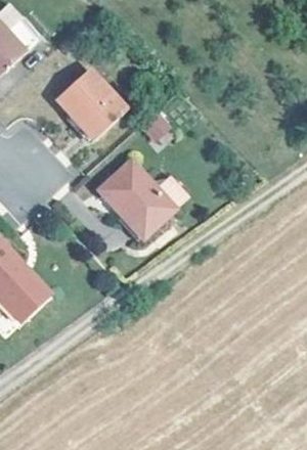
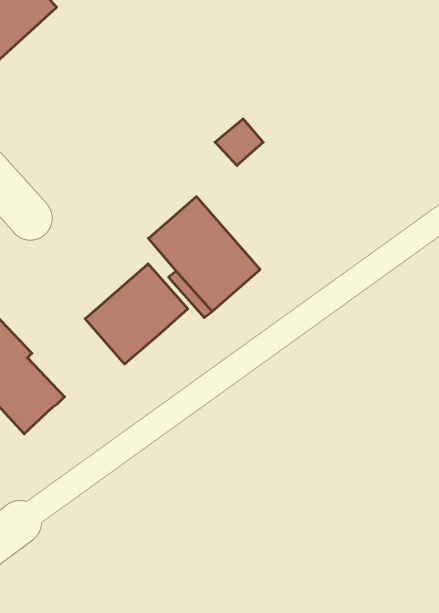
building: [54,72,124,142] -> none
building: none -> [85,264,188,364]

